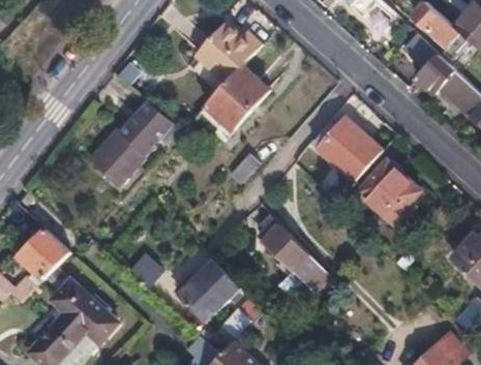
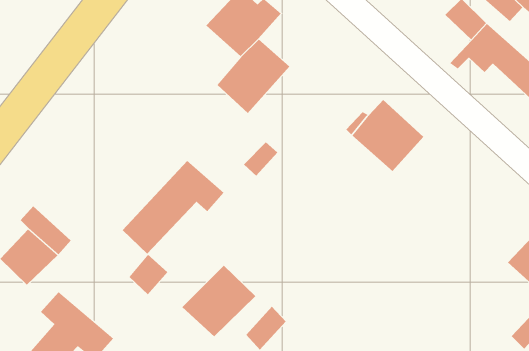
building: [94,101,182,182] -> [122,160,224,254]
building: [359,161,421,229] -> none
building: [262,224,326,292] -> none

